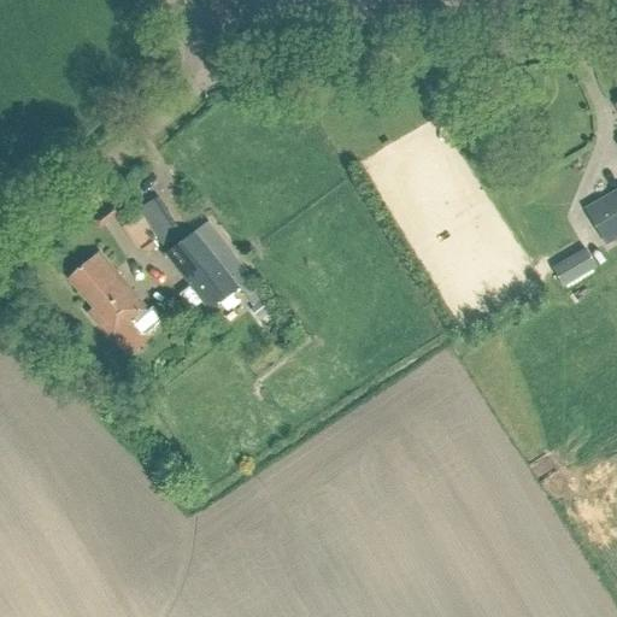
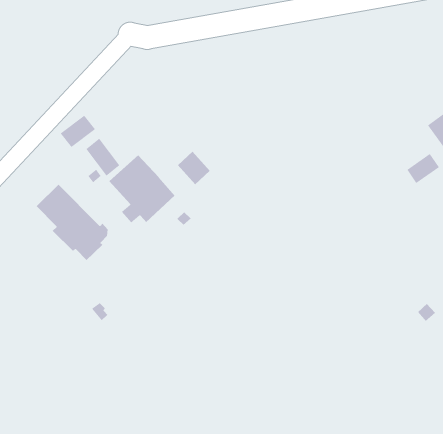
building: none -> [60,115,96,148]
building: none -> [177,151,210,185]

